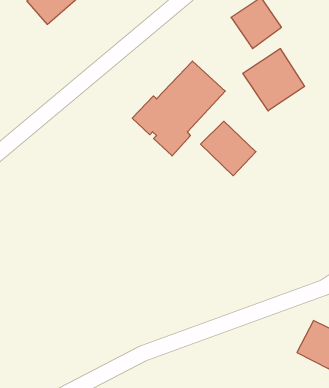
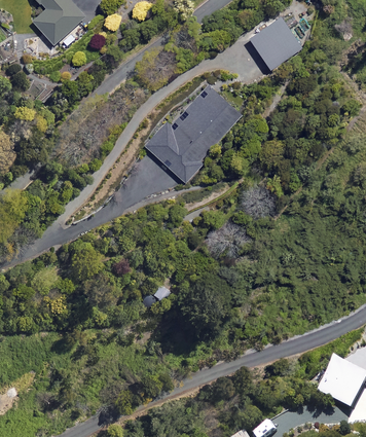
building: [243,49,305,111] -> none
building: [201,121,256,176] -> none

